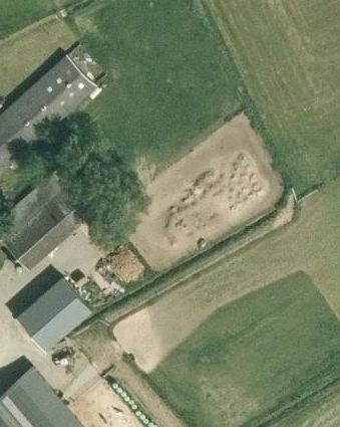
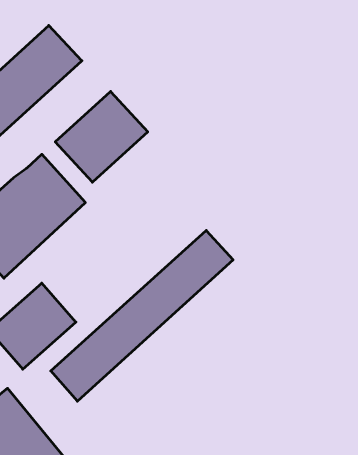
building: none -> [55,91,148,182]
building: none -> [51,230,233,401]

